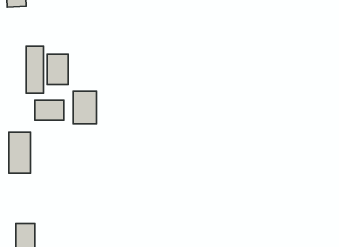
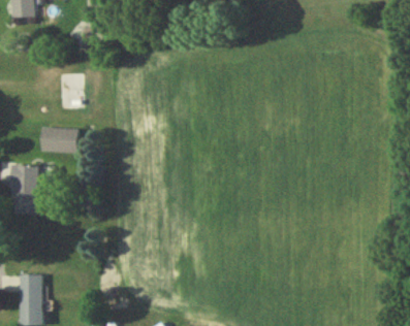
building: [26,46,43,93] -> none
building: [73,91,97,124] -> none

